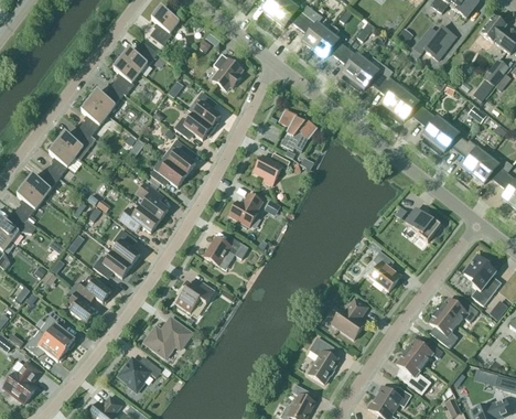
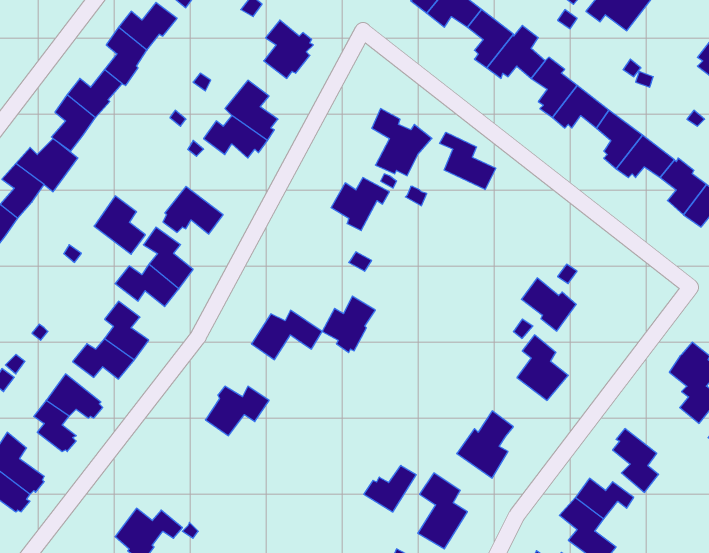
building: none -> [440,132,496,190]
building: [163,138,195,174] -> [94,196,145,254]
building: [229,192,262,227] -> [322,296,375,353]
building: [406,207,440,240] -> [521,278,576,331]
building: [437,297,477,323] -> none
building: [144,316,192,357] -> none
building: none -> [364,465,416,512]

